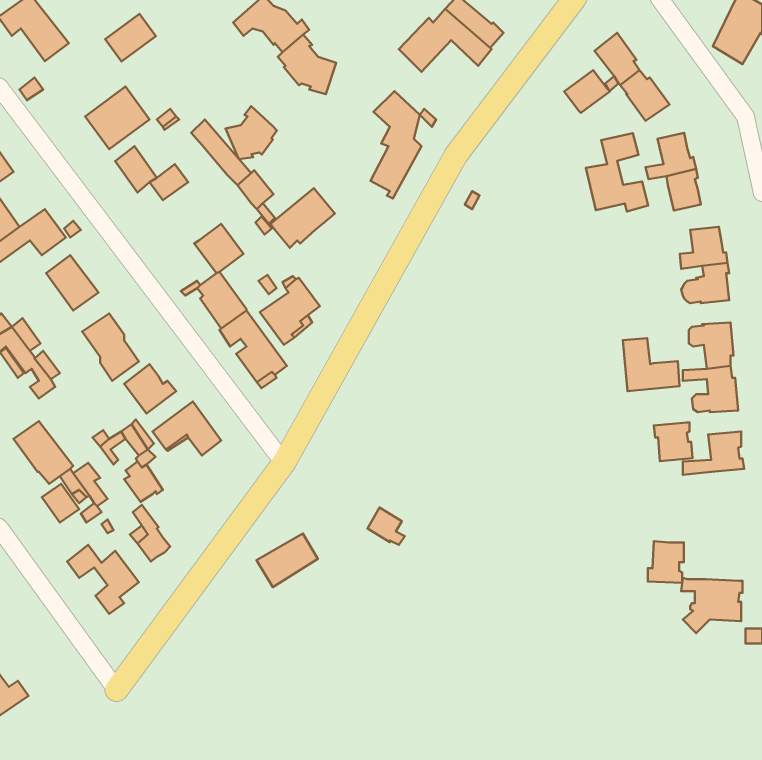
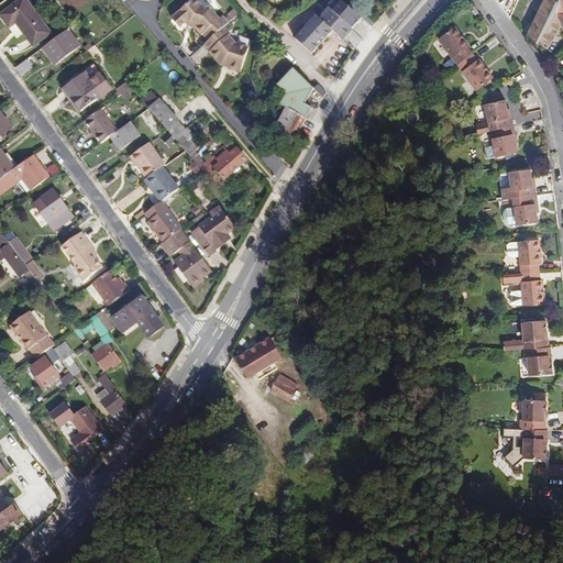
building: [105,14,156,62] -> [42,27,79,63]
building: [564,70,610,113] -> none
building: [225,106,277,159] -> none
building: [586,133,648,211] -> none
building: none -> [130,142,165,177]
building: [623,338,680,391] -> none
building: [654,422,693,461] -> [523,345,552,374]
building: [257,533,318,587] -> [235,338,280,377]
building: [648,541,684,583] -> [519,397,545,428]

